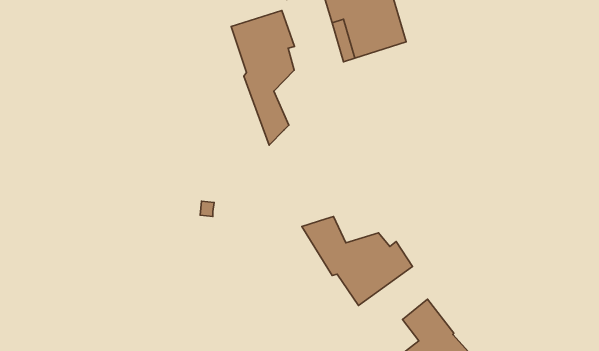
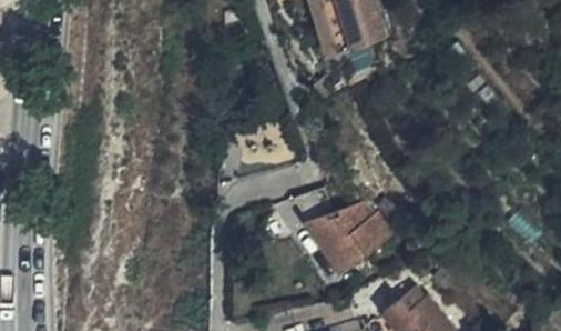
building: [231,11,294,145] -> none

